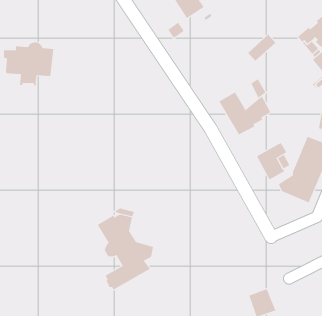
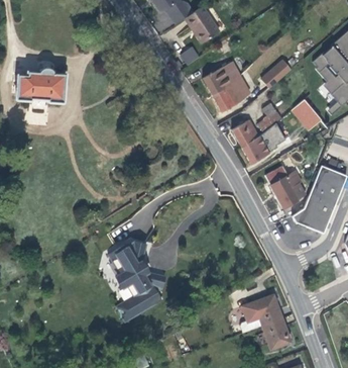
building: none -> [204,61,250,112]
building: none -> [293,99,321,129]
building: none -> [240,294,281,333]

